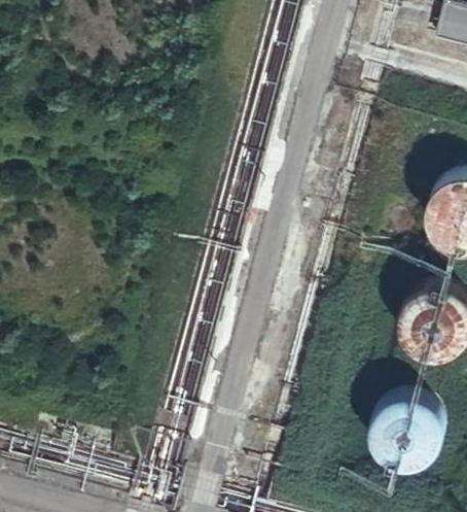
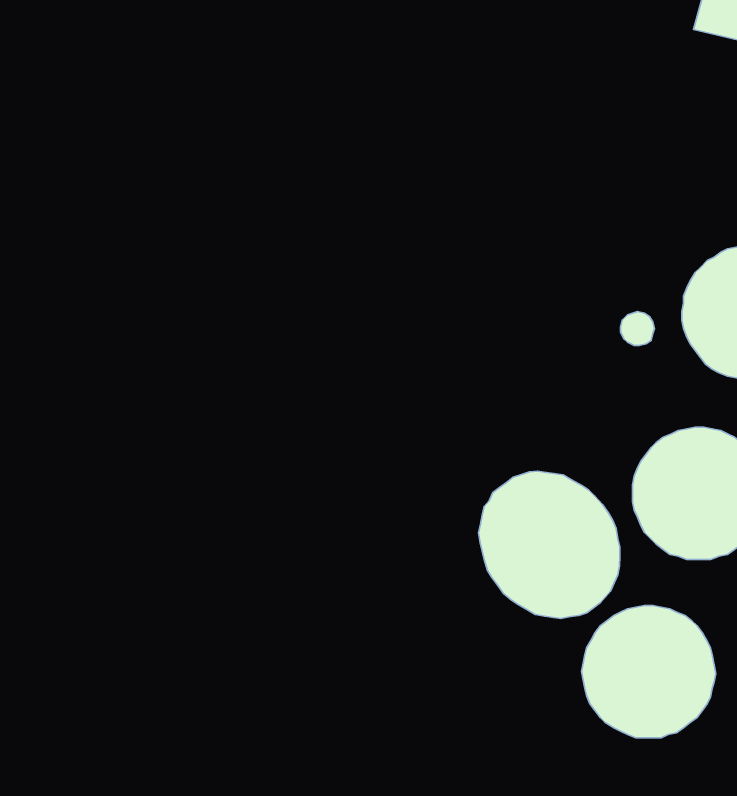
building: none -> [479,471,620,618]

